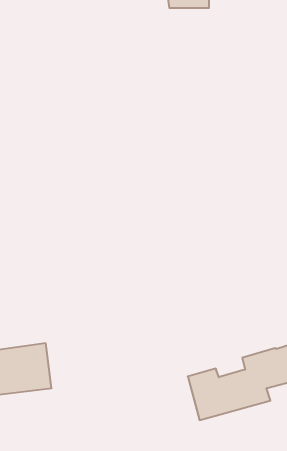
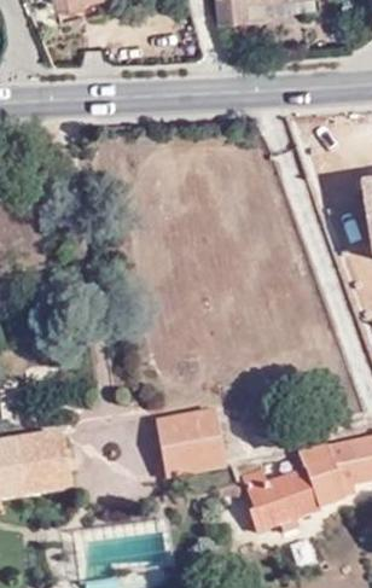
building: none -> [157,409,229,476]

